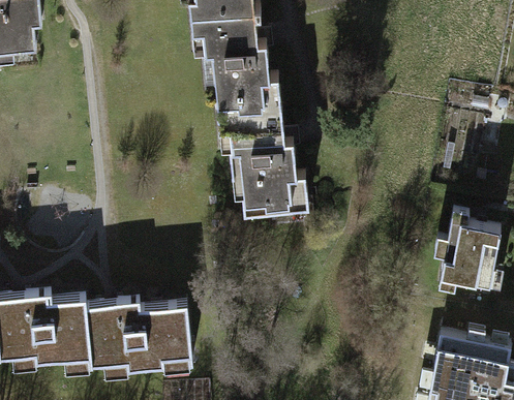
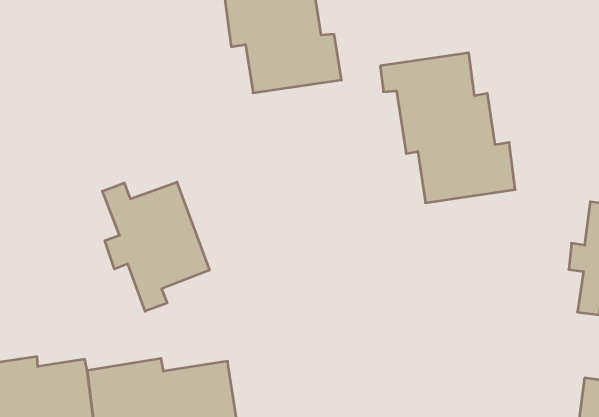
building: [217,112,308,217] -> [380,53,515,203]
building: none -> [102,182,209,311]

